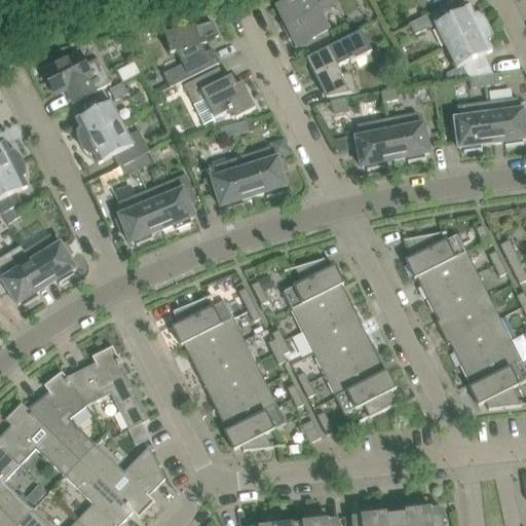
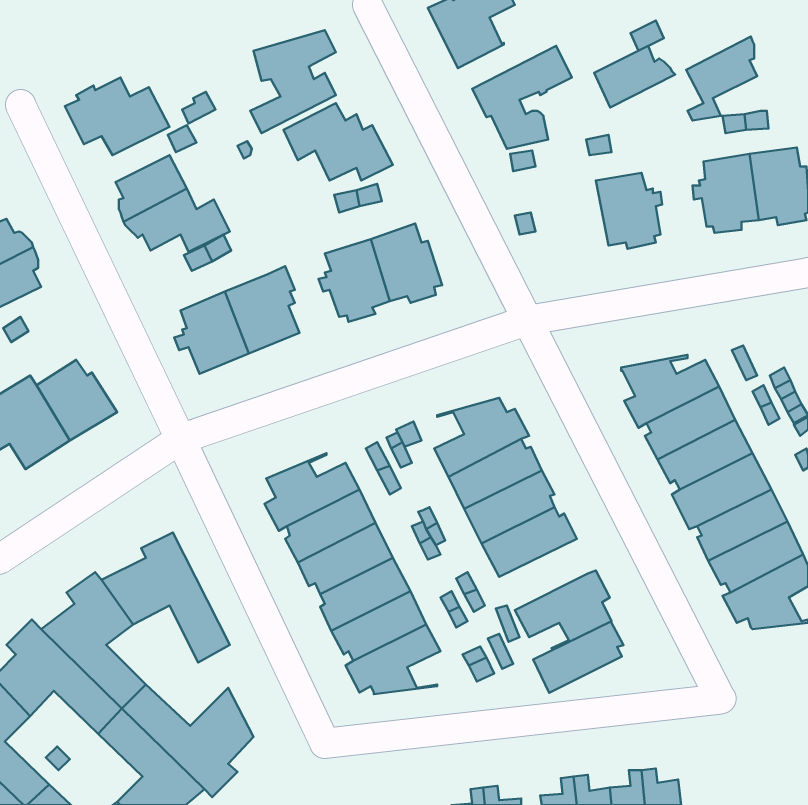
building: [435,5,487,45] -> [594,46,675,108]
building: [354,117,394,170] -> none
building: [324,349,382,396] -> [533,622,624,693]

